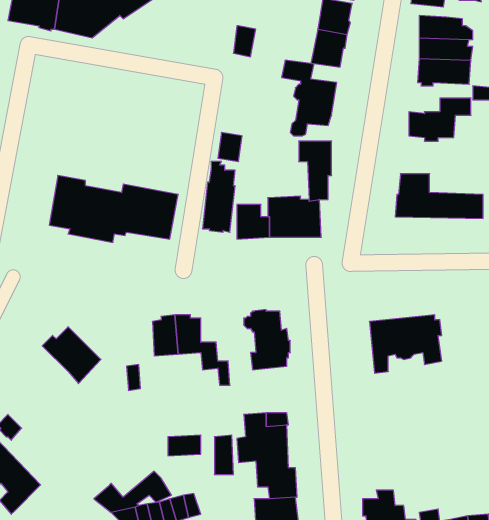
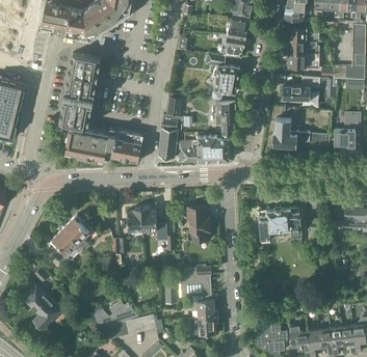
building: none -> [60,54,101,127]
building: none -> [51,226,83,262]

